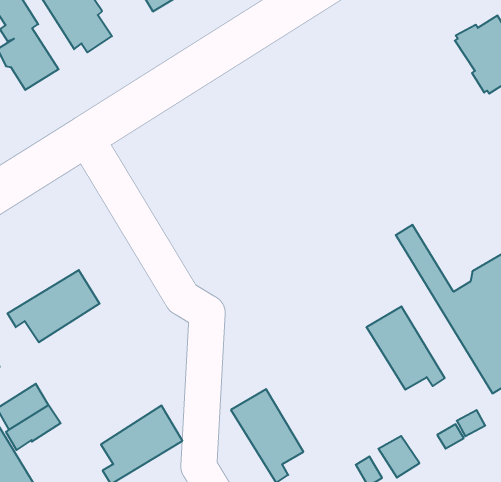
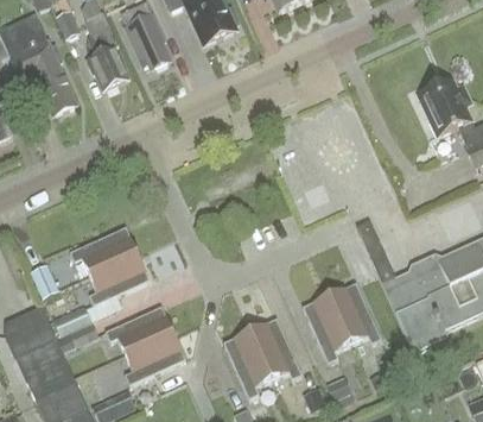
building: none -> [88,252,148,304]
building: none -> [301,294,350,363]
building: none -> [249,317,301,378]
building: none -> [104,306,172,354]

